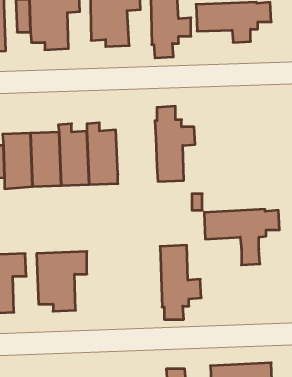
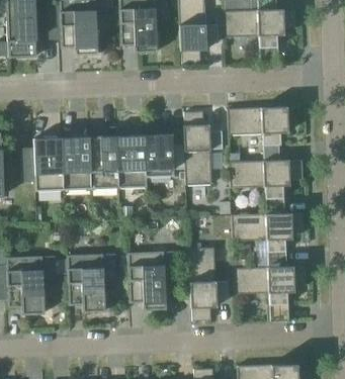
building: none -> [229,106,289,146]
building: none -> [146,125,186,178]
building: none -> [231,160,305,199]
building: none -> [128,251,178,310]
building: none -> [235,266,309,305]

